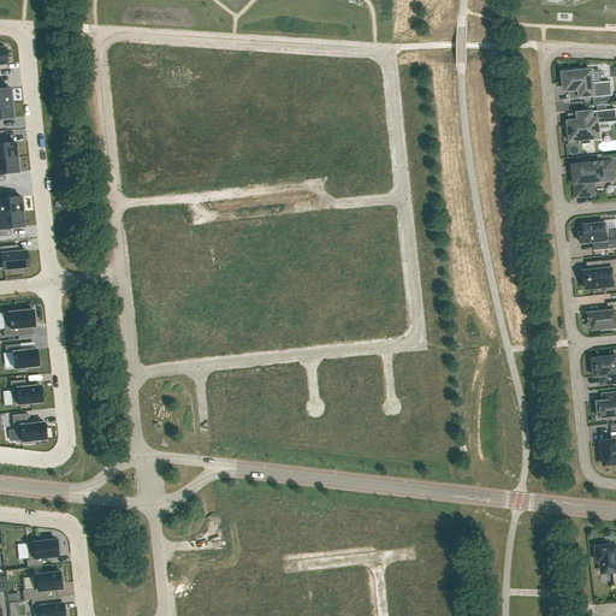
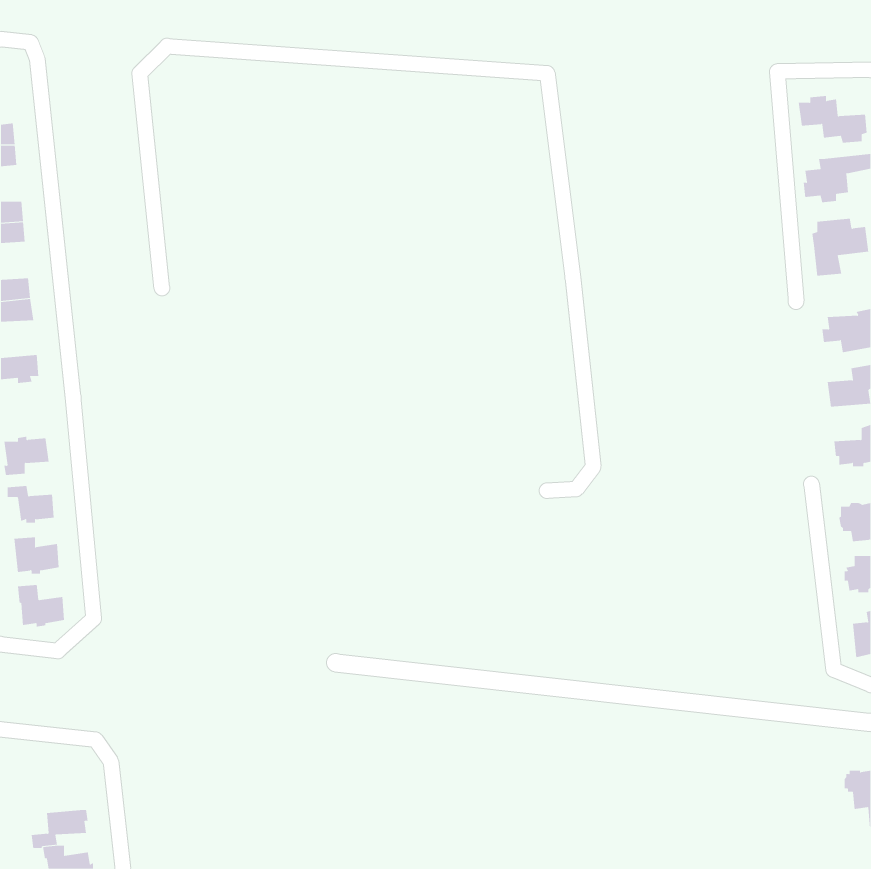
building: [26,539,59,565] -> none

